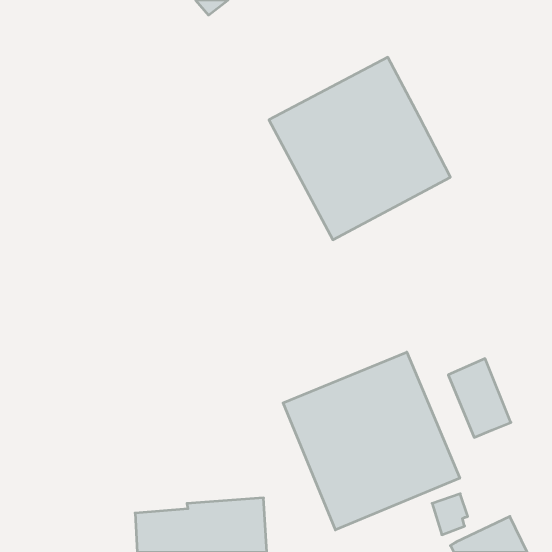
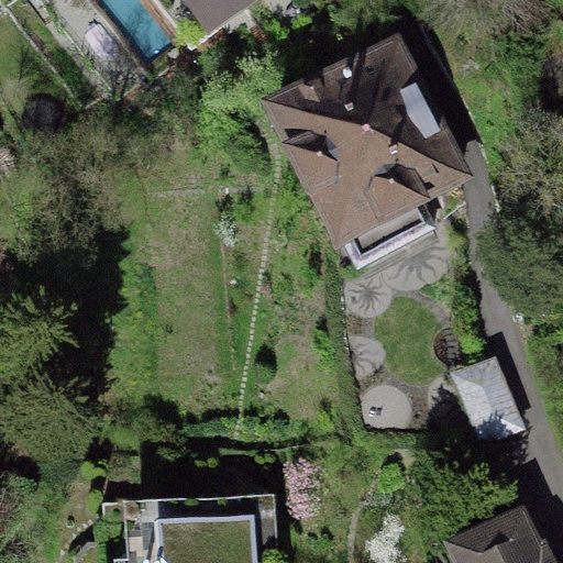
building: [283,352,460,530] -> none

